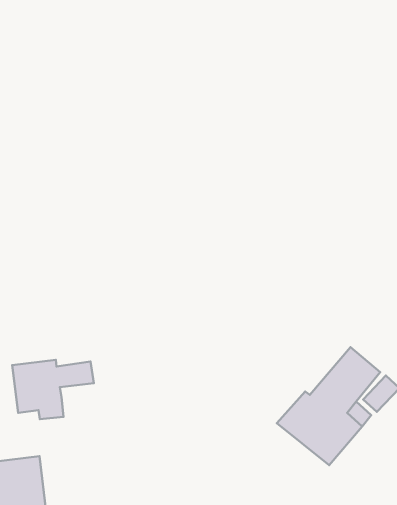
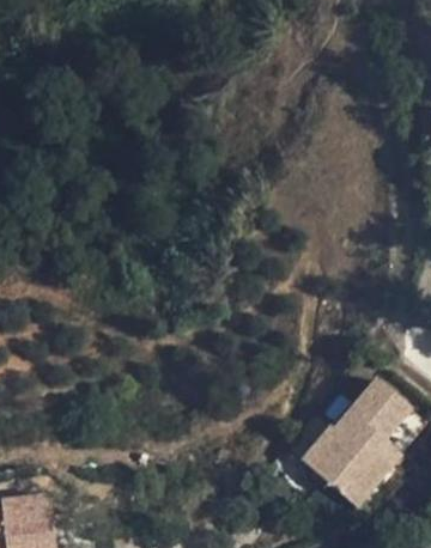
building: [12,360,94,419] -> none

